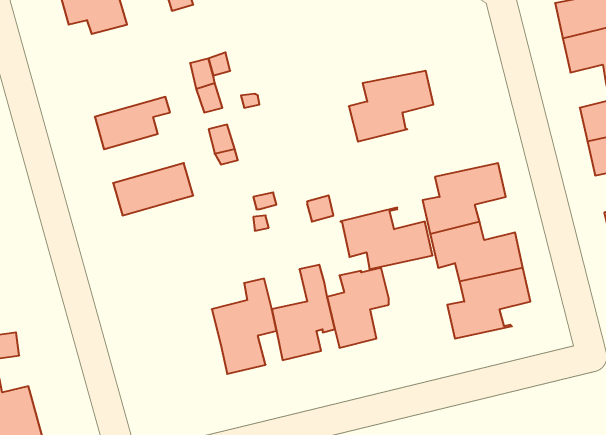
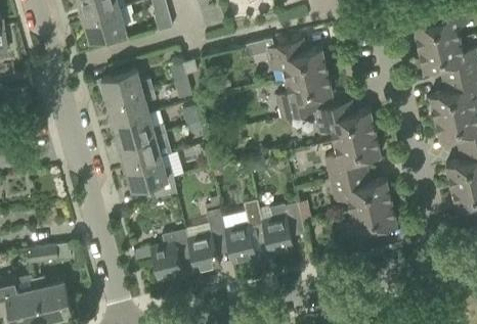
building: none -> [265,39,327,79]
building: none -> [100,68,154,101]
building: none -> [113,112,166,145]
building: none -> [125,156,176,200]
building: [340,208,433,269] -> [313,100,375,141]
building: none -> [149,229,190,280]

